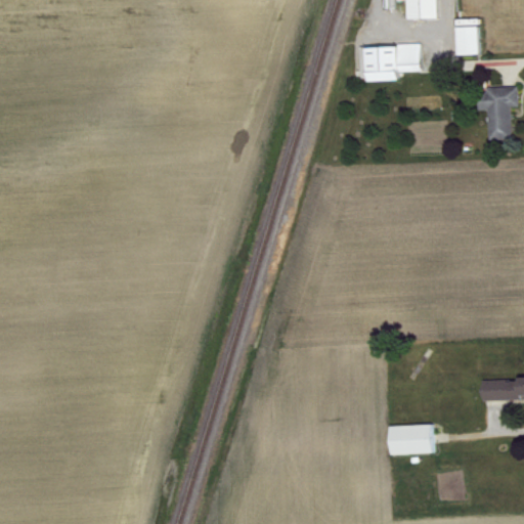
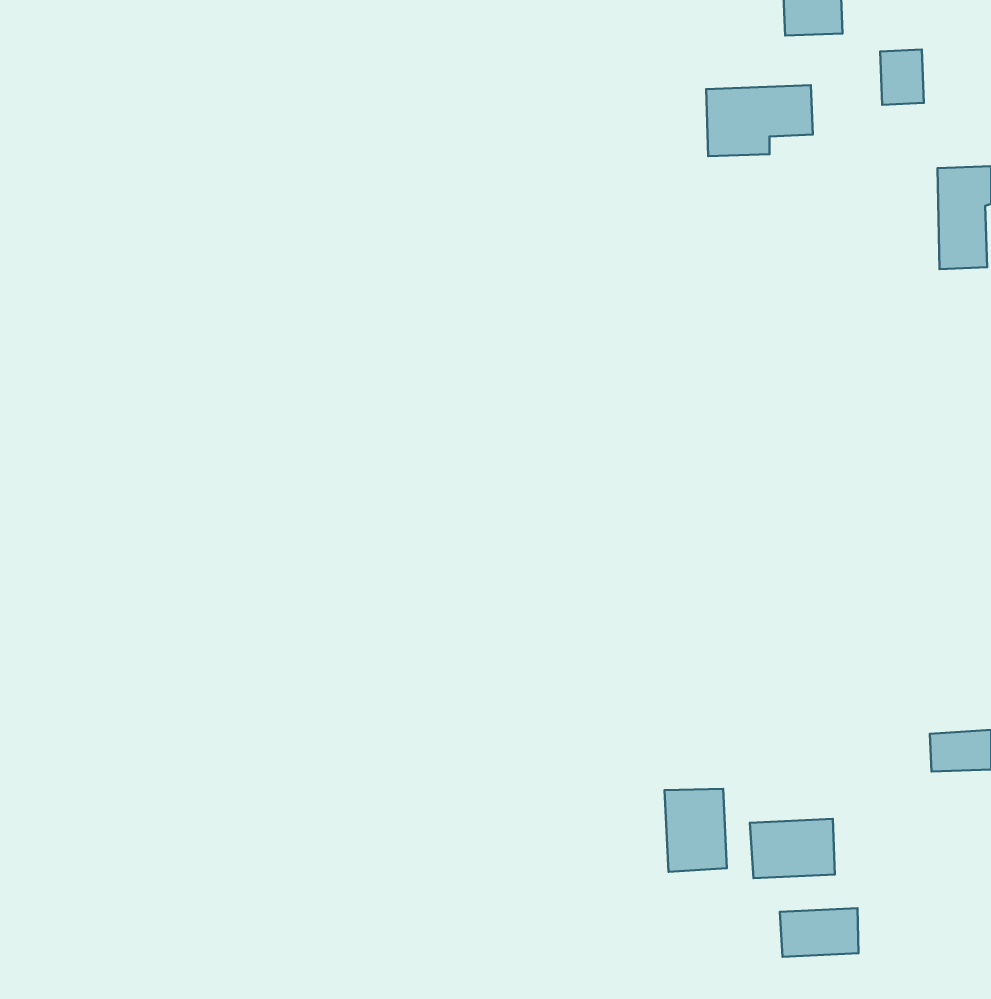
building: none -> [665,789,727,872]
building: none -> [780,908,858,957]

